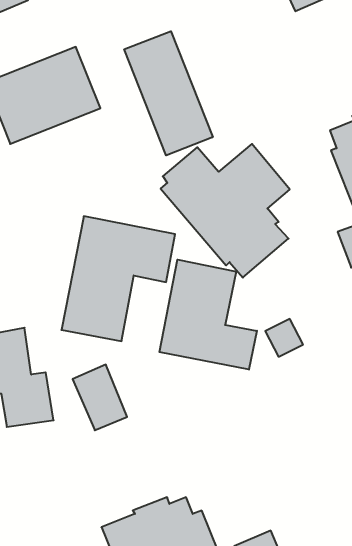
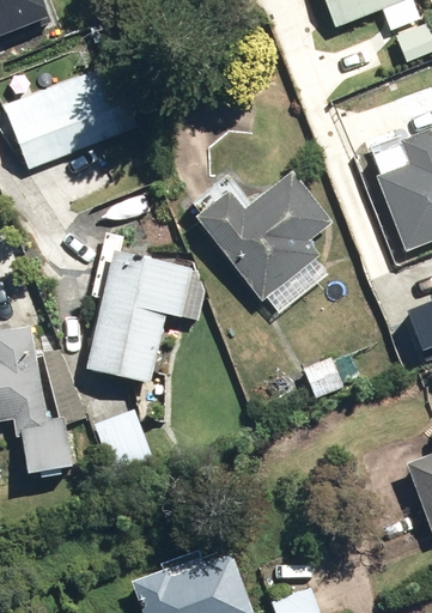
building: [124,31,213,155] -> none
building: [159,260,257,370] -> none

